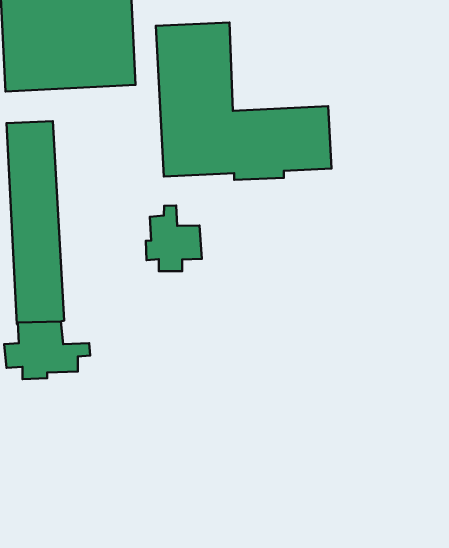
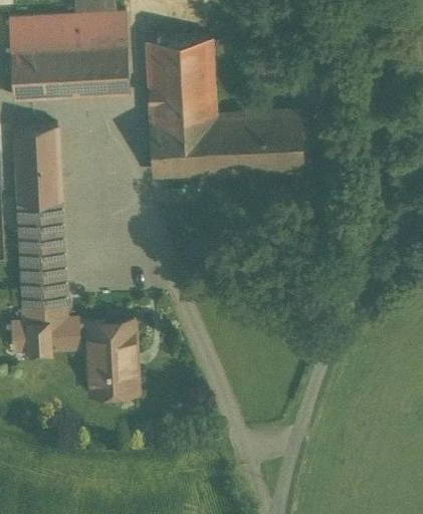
building: [146,206,202,271] -> none
building: none -> [85,320,136,400]

